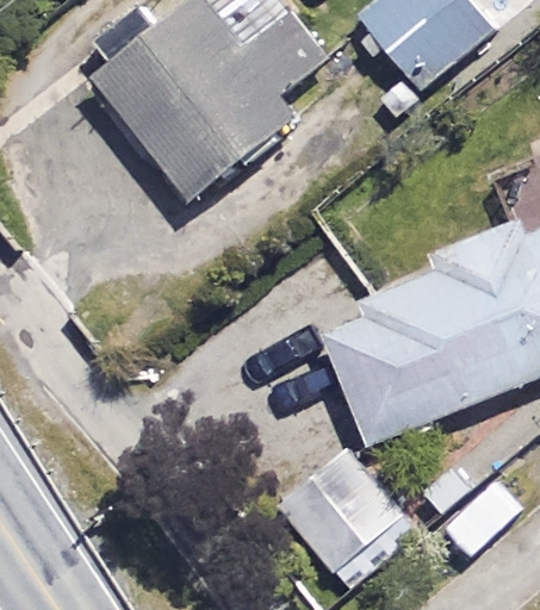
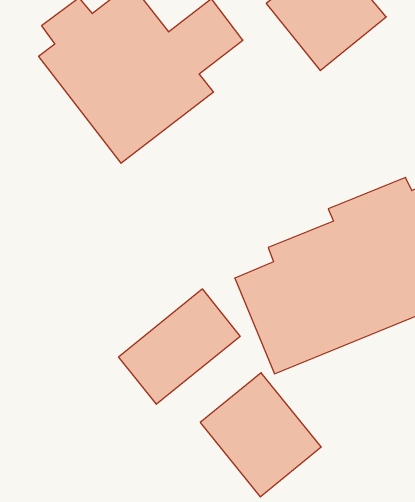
building: none -> [119,289,240,404]

